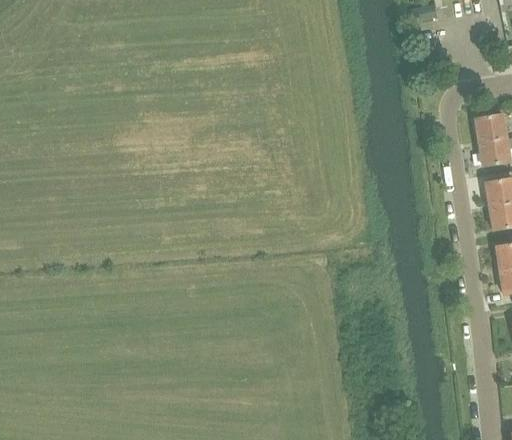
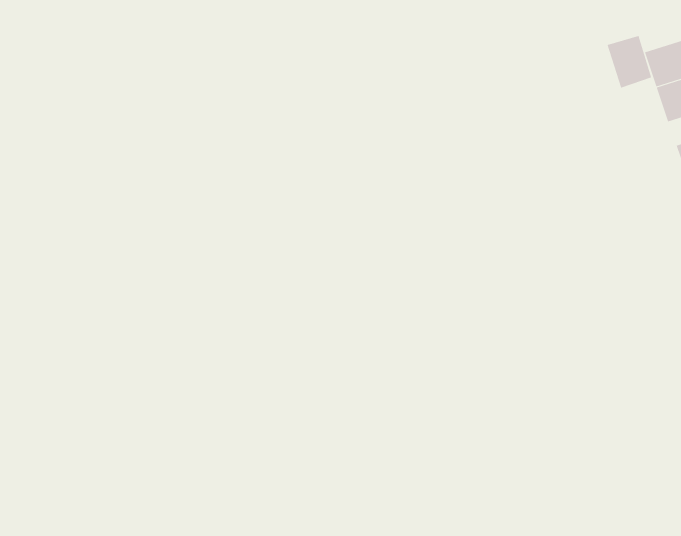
building: none -> [607,35,652,89]

